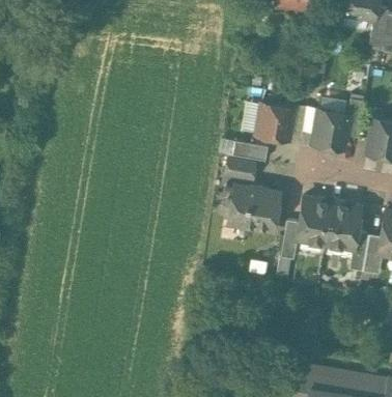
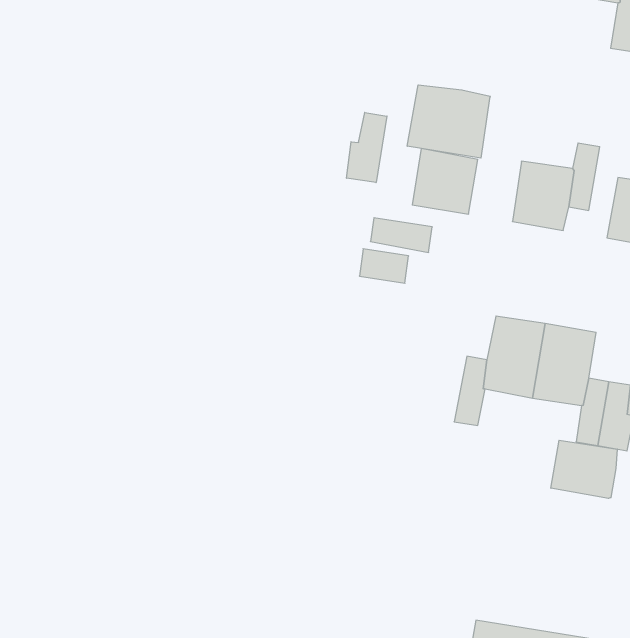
building: none -> [407,85,490,158]
building: none -> [347,112,387,183]
building: [222,185,279,229] -> none
building: none -> [551,440,617,498]

